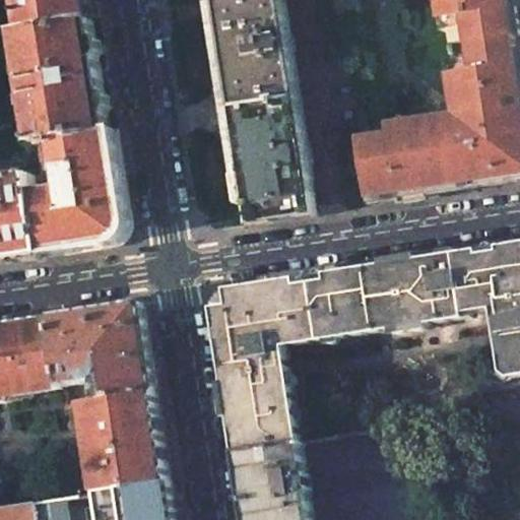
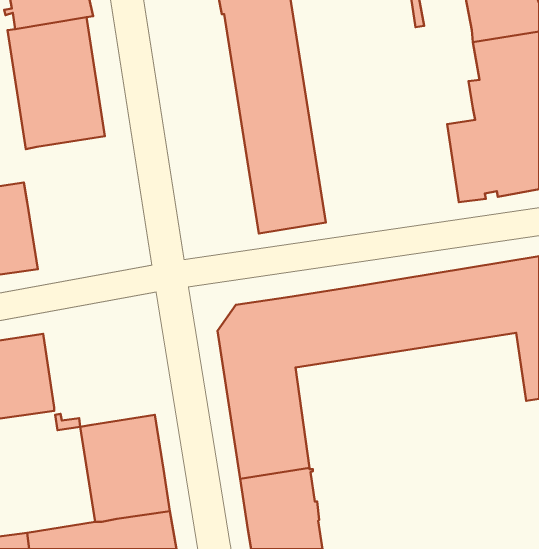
building: [348,117,431,201] -> none
building: [25,127,120,253] -> none
building: [41,300,145,399] -> none

